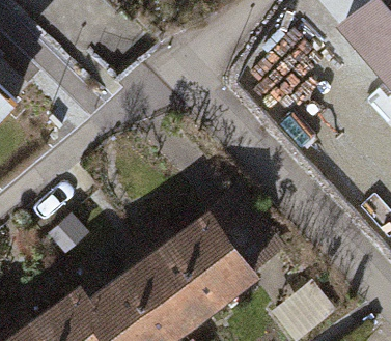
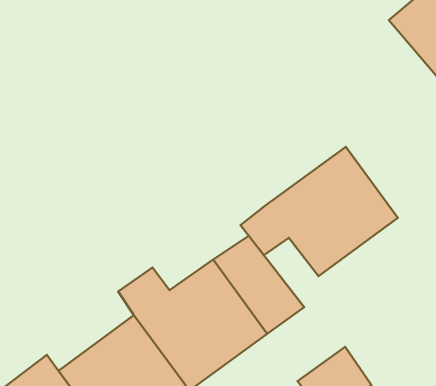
building: none -> [240,147,398,276]

